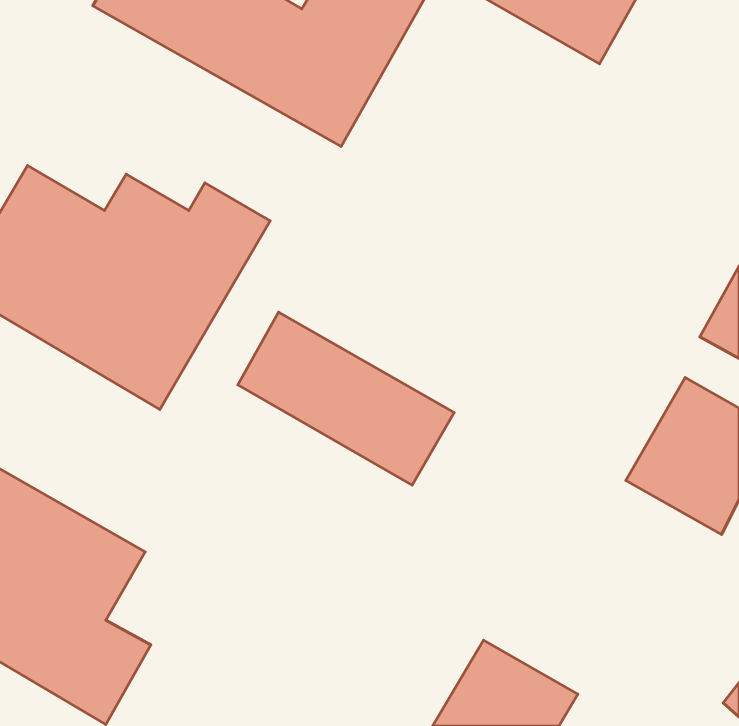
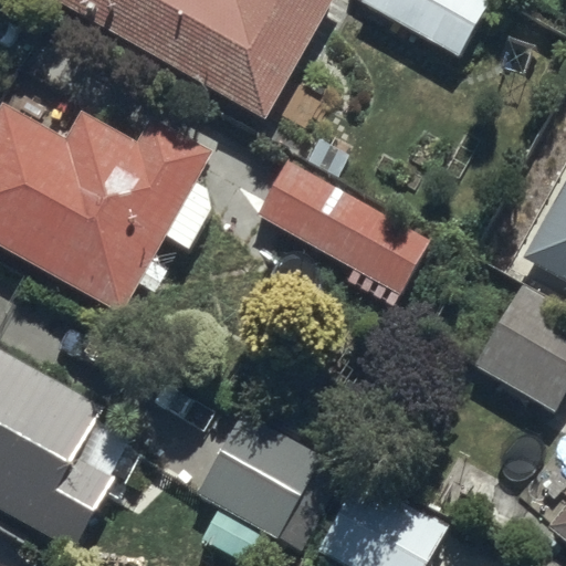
building: [238,312,454,485] -> [255,160,420,292]
building: none -> [208,419,323,535]

